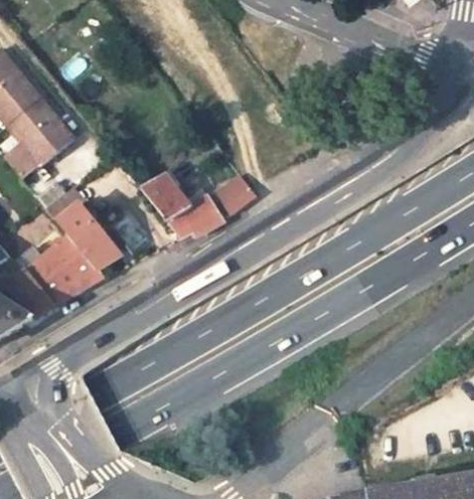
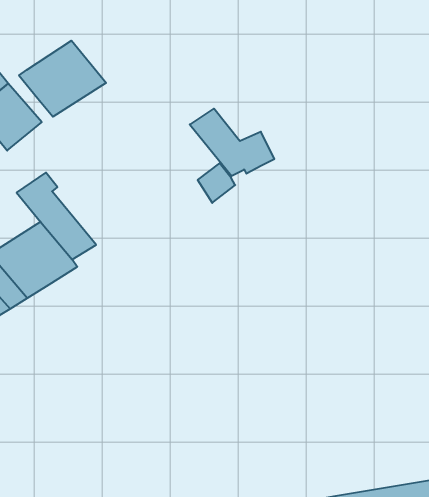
building: none -> [19,41,106,117]
building: [140,173,221,237] -> [190,109,274,176]

